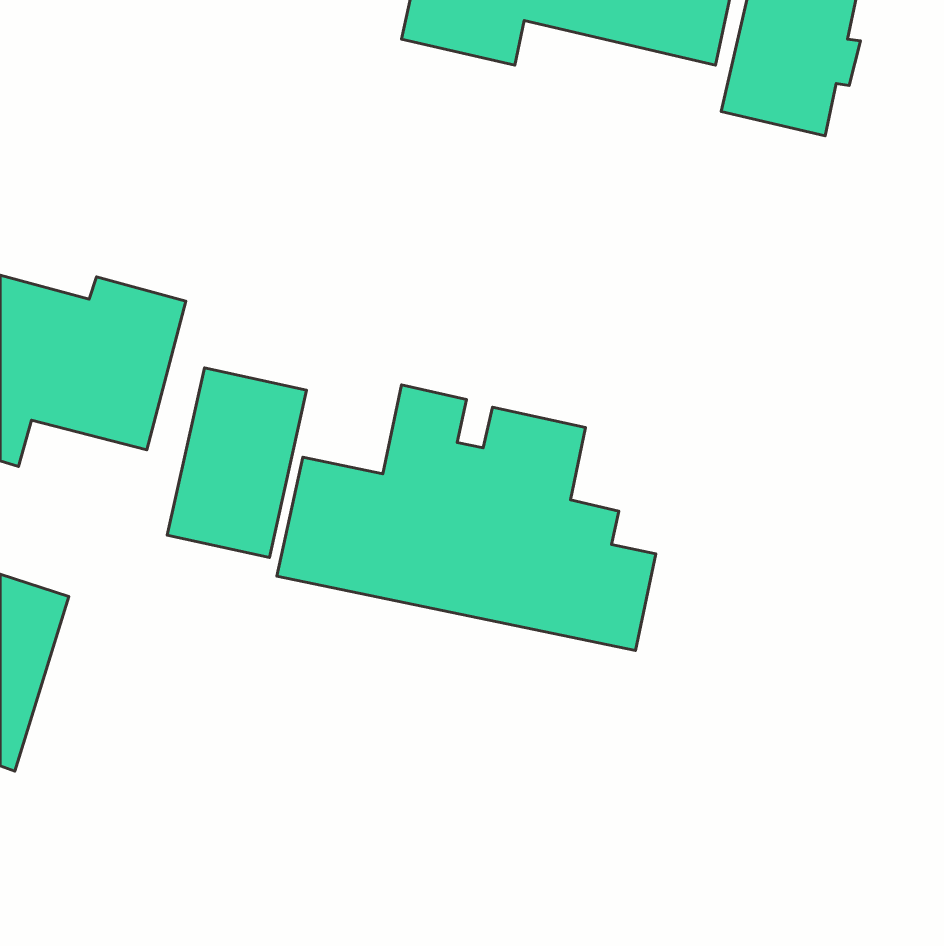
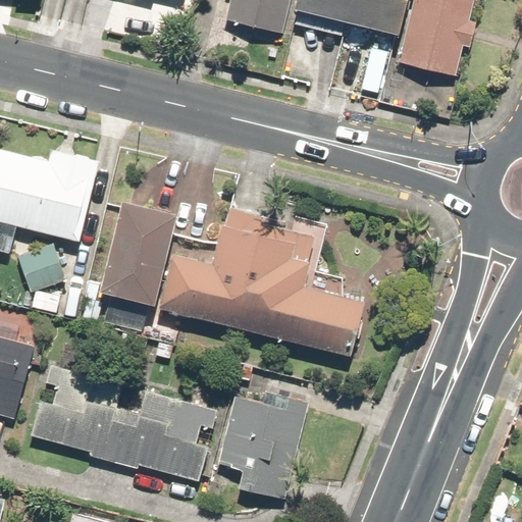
building: none -> [17,244,67,293]
building: none -> [27,359,216,481]
building: none -> [217,395,305,498]

